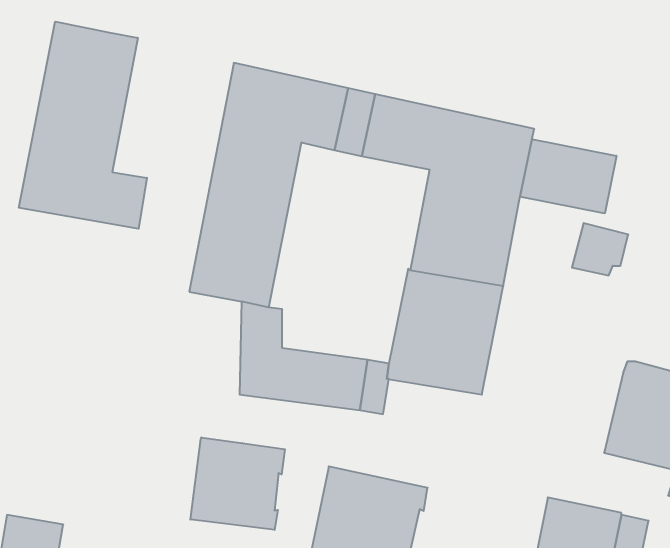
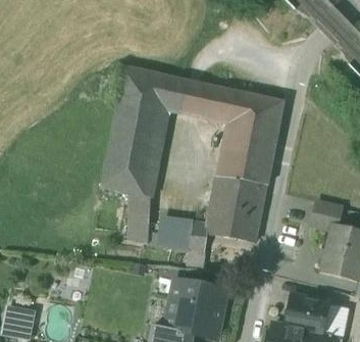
building: [19,22,147,229] -> none
building: [520,139,616,213] -> none
building: [572,223,628,275] -> [311,201,341,229]
building: [190,437,285,530] -> none

